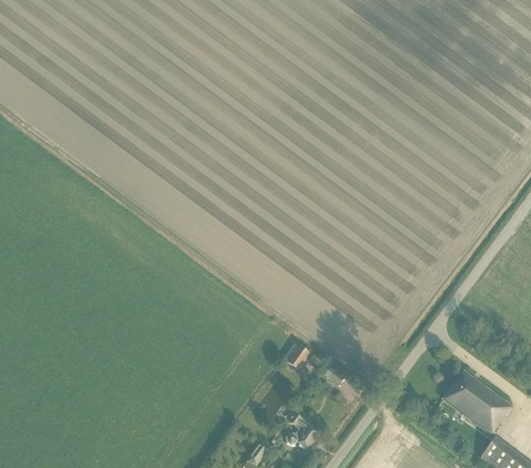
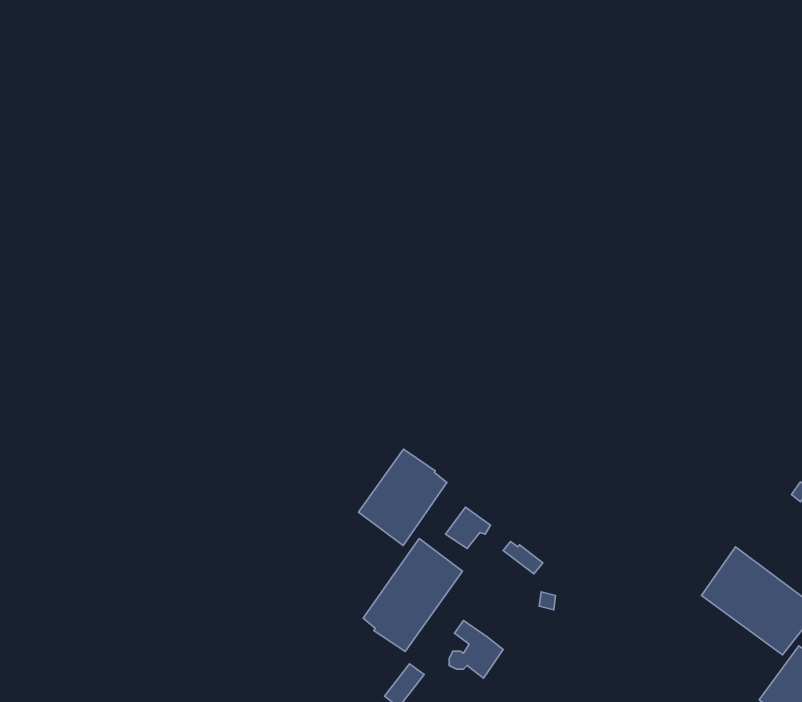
building: none -> [358,449,447,545]
building: none -> [363,539,463,651]

